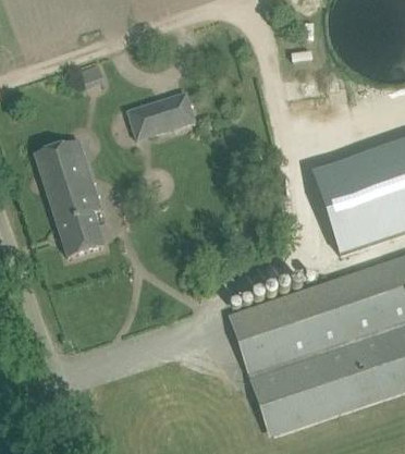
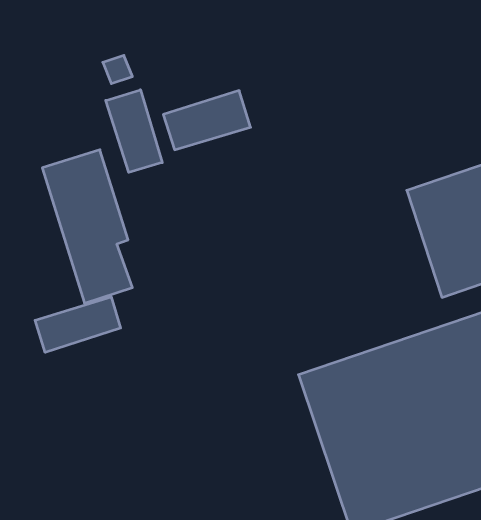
building: none -> [106,90,162,172]
building: none -> [35,297,121,352]

